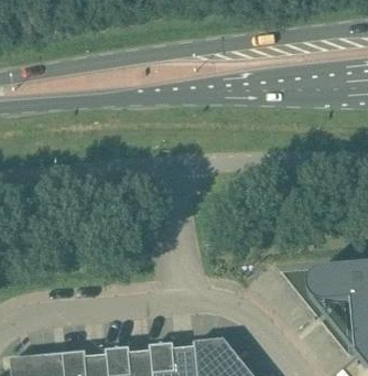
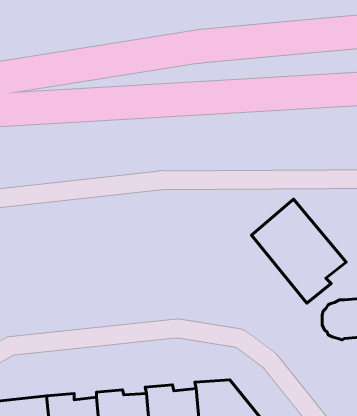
building: none -> [251,199,346,303]

